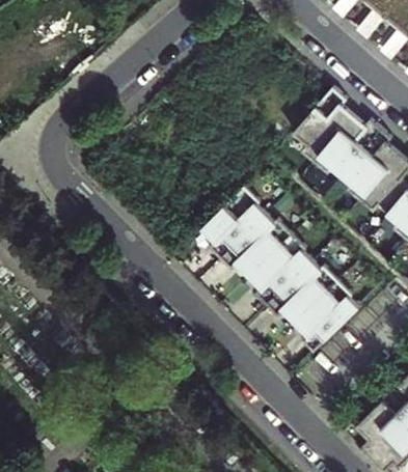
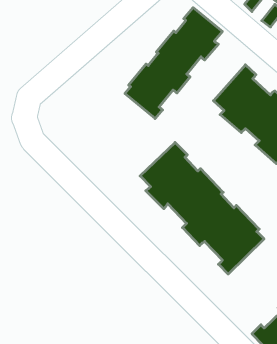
building: none -> [125,8,222,119]

